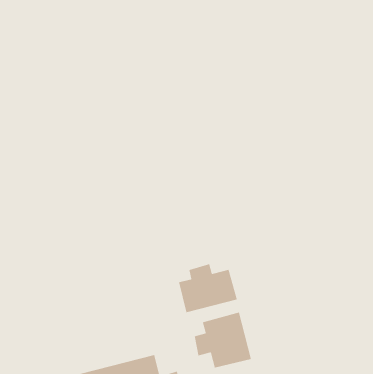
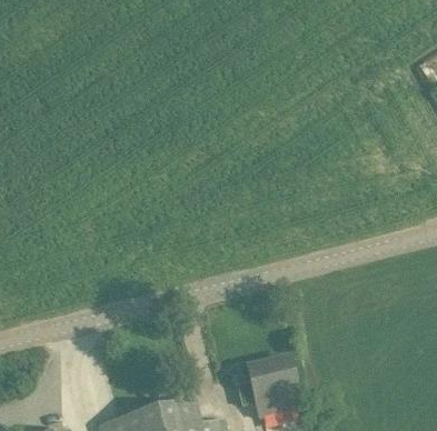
building: [178,263,238,313] -> none

